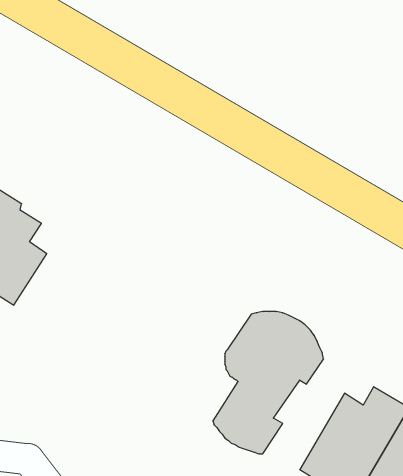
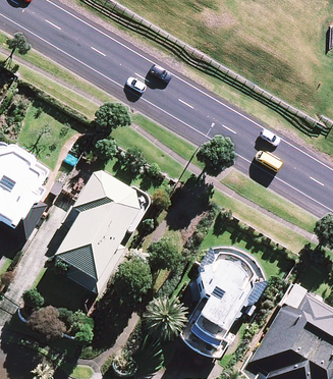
building: none -> [51,172,146,297]

